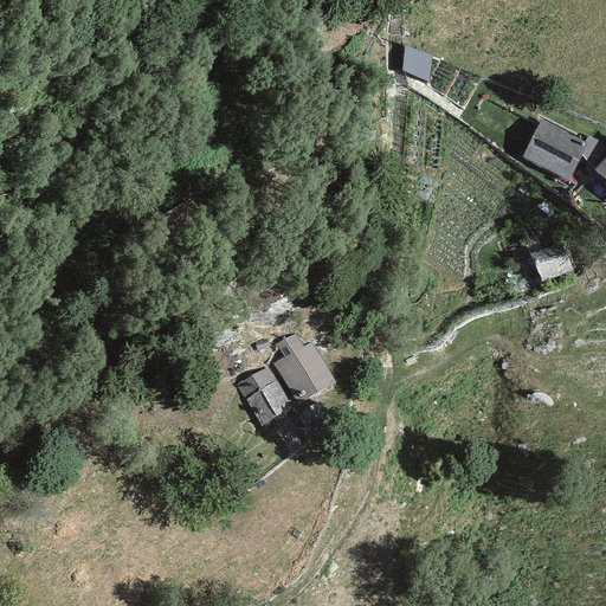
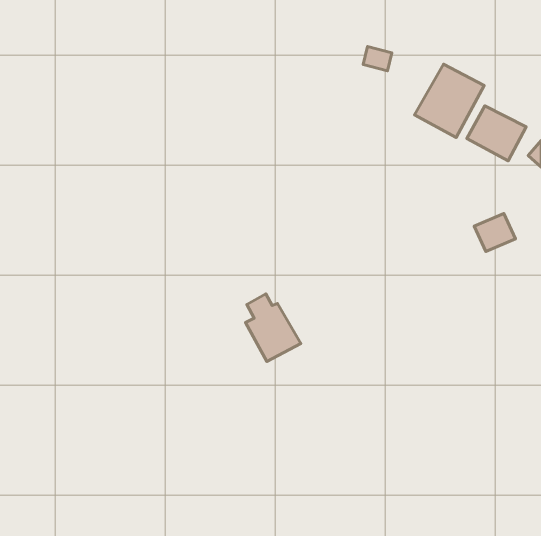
building: none -> [415,64,484,138]
building: [238,365,290,424] -> none

